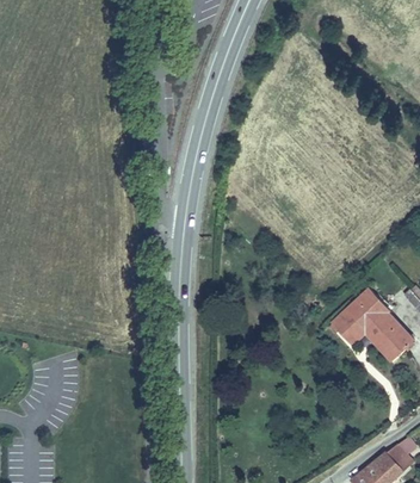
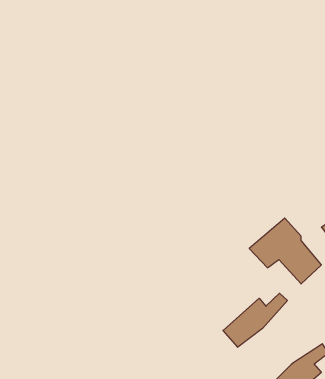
building: none -> [223,293,287,347]

